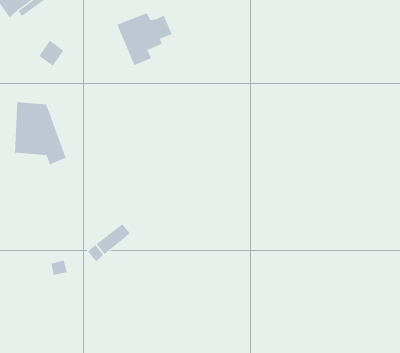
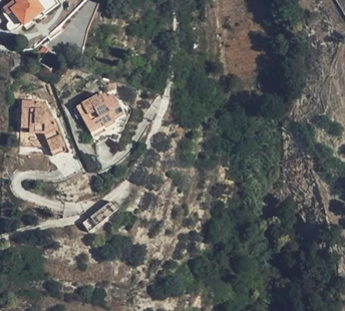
building: [117,12,173,66] -> [76,95,122,139]

